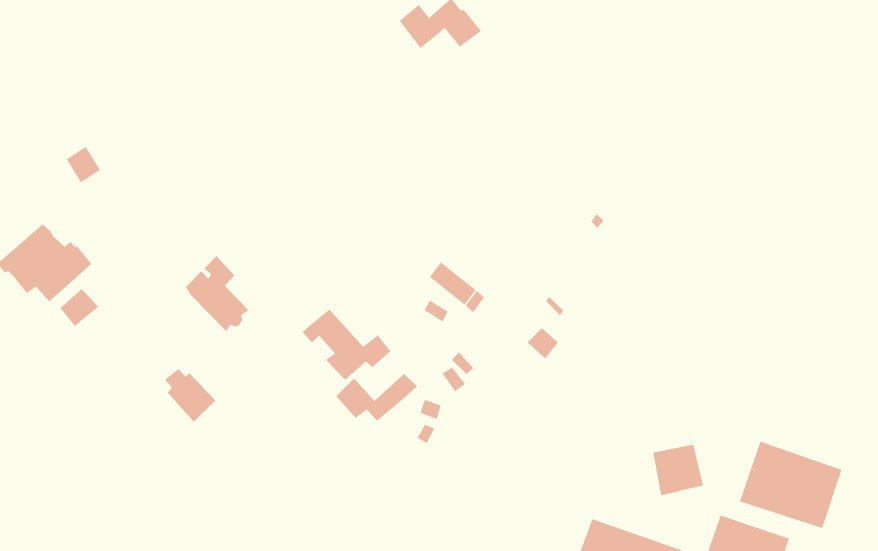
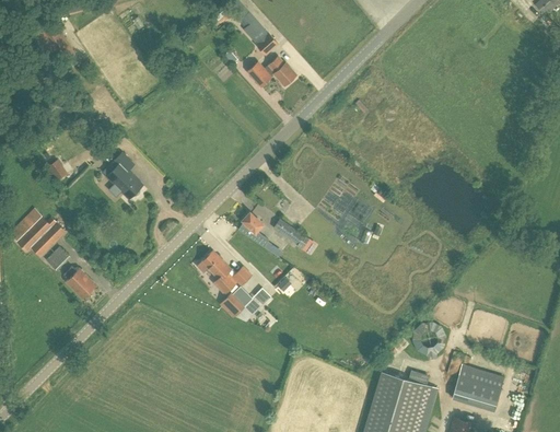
building: none -> [237,212,269,246]
building: [185,255,249,332] -> [103,152,143,199]
building: [164,368,216,422] -> [63,266,96,299]
building: [739,441,842,529] -> none

